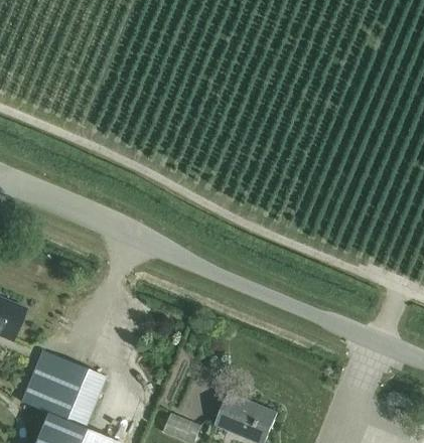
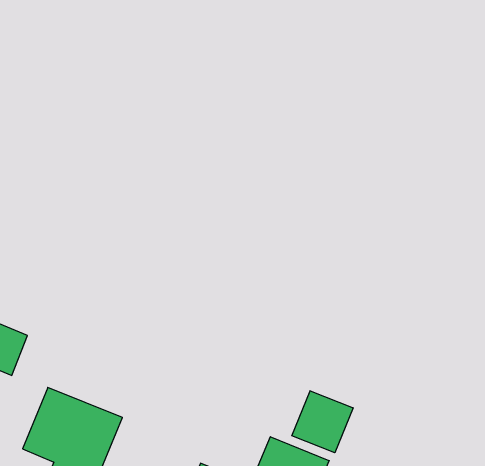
building: none -> [292,391,353,453]

